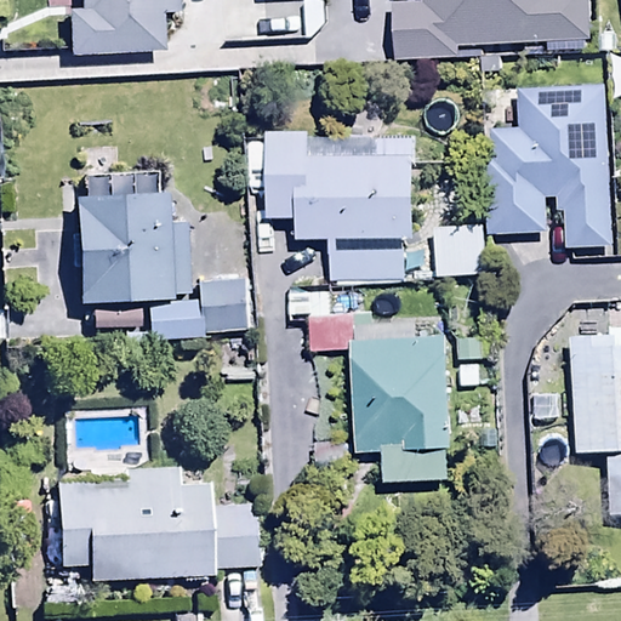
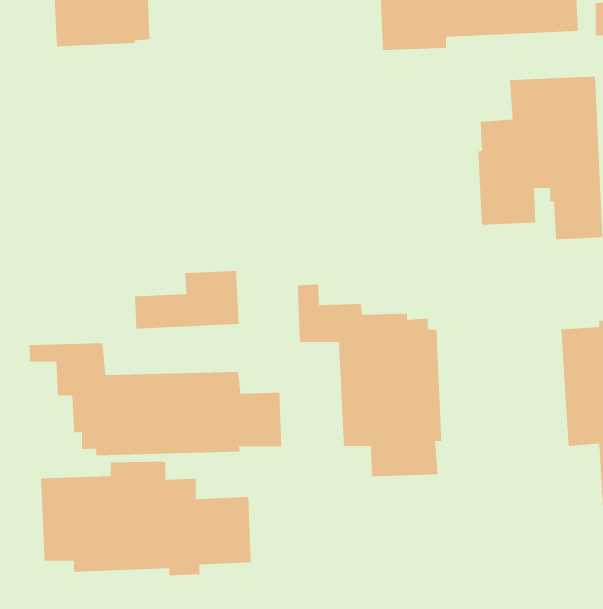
building: [244,129,412,280] -> none
building: [75,190,188,301] -> none
building: [434,226,485,277] -> none
building: none -> [29,342,282,456]

